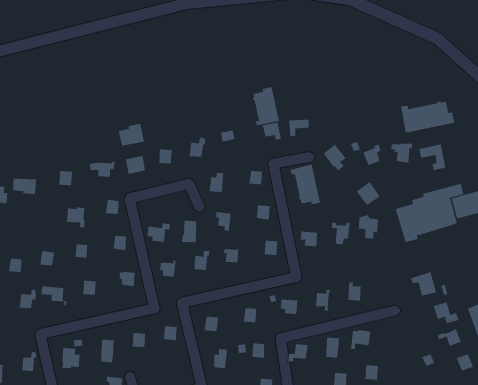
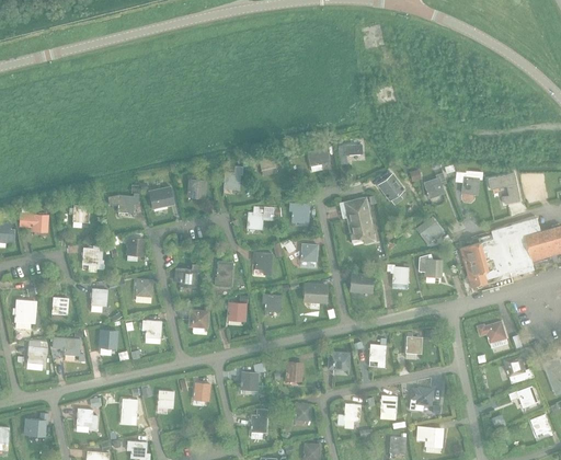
building: [252,86,279,126] -> none
building: [401,100,455,133] -> none
building: [118,123,144,146] -> none

